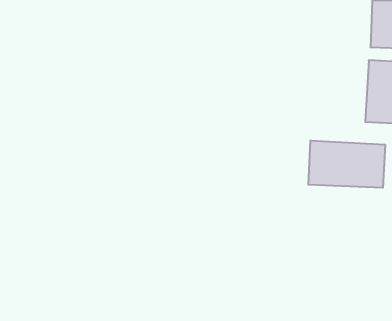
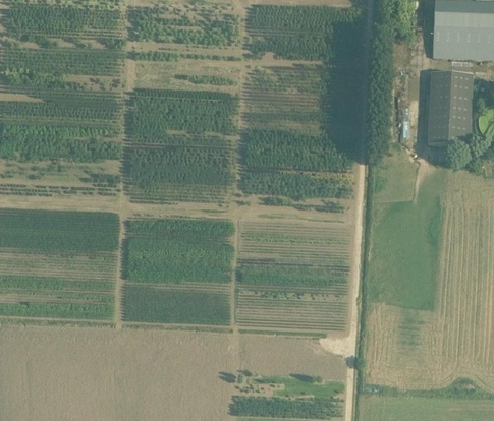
building: [308,140,385,188] -> none

